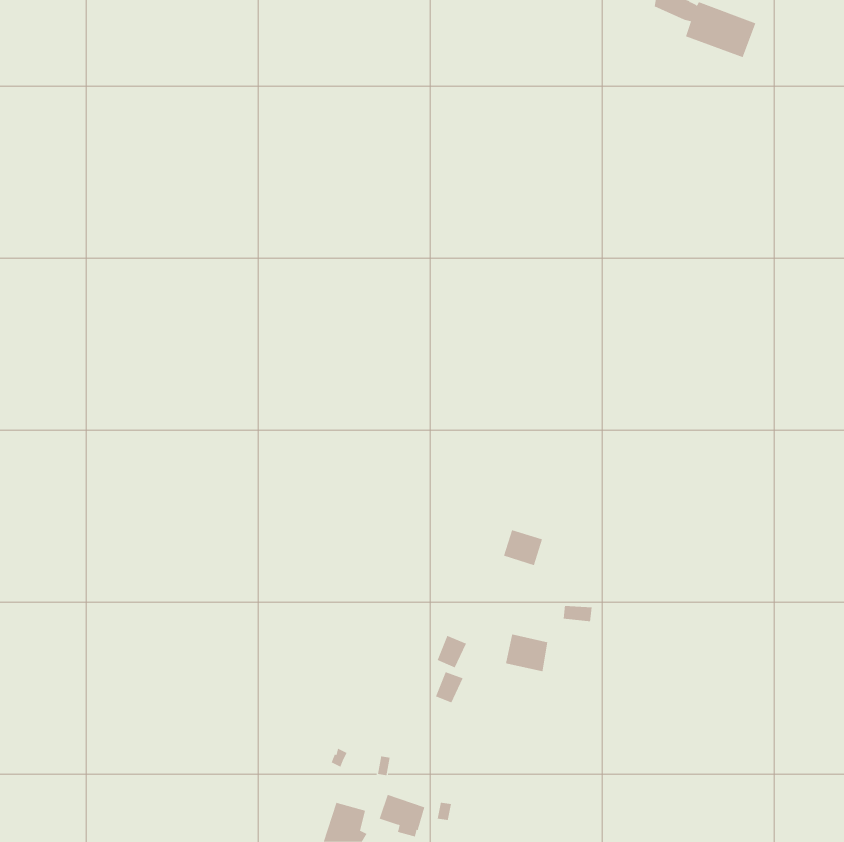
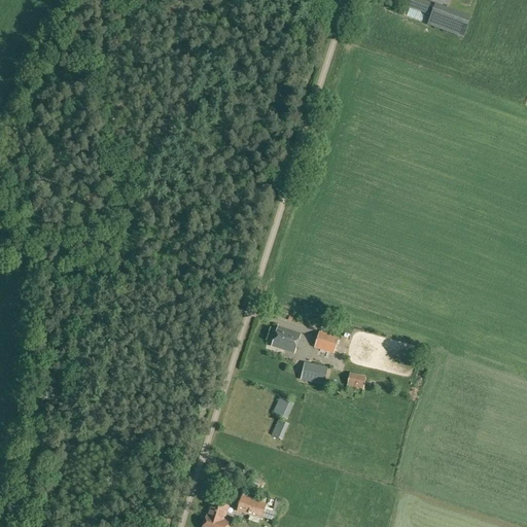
building: none -> [271,324,300,352]
building: [505,634,548,672] -> [300,360,326,384]

